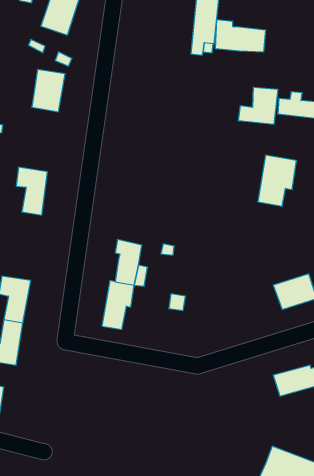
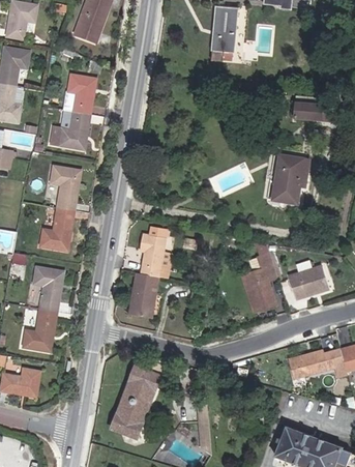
building: [216,20,266,52] -> none
building: [239,87,278,124] -> none
building: none -> [50,110,89,149]
building: none -> [39,207,73,250]
building: none -> [243,254,278,311]
building: none -> [110,363,164,439]

